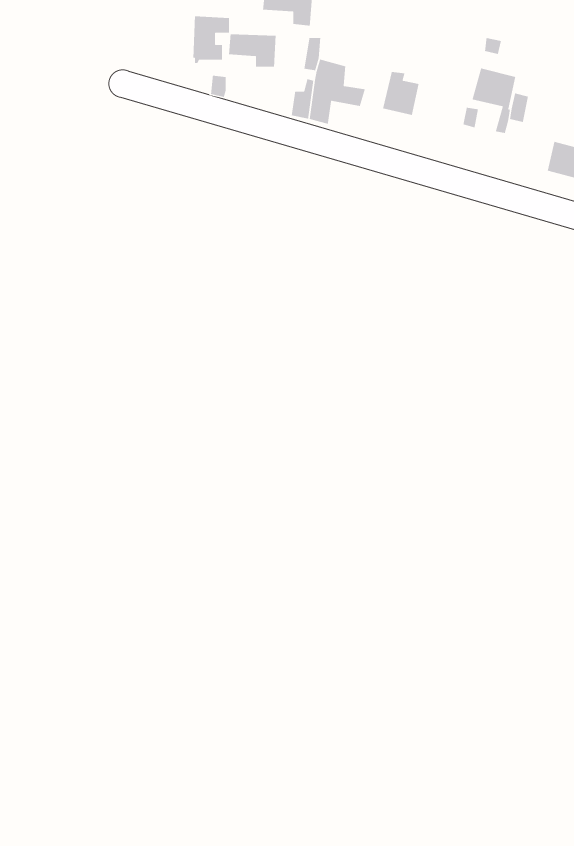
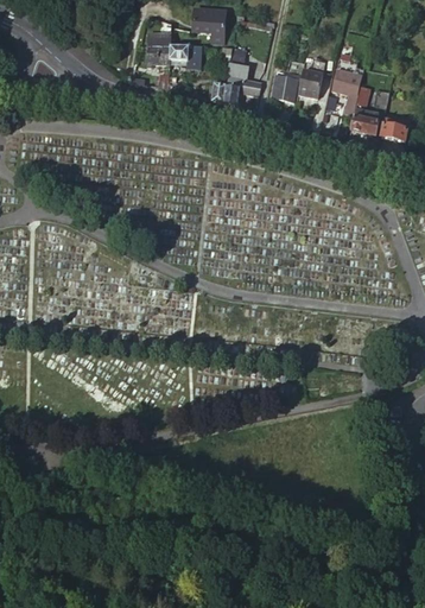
building: none -> [297,69,323,99]
building: none -> [350,108,379,137]

